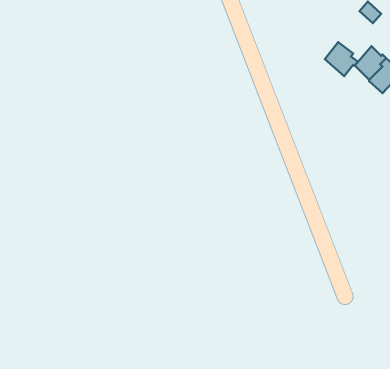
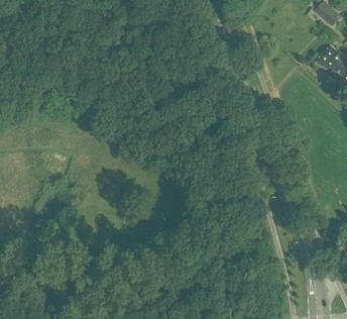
building: [325,42,358,76] -> none

